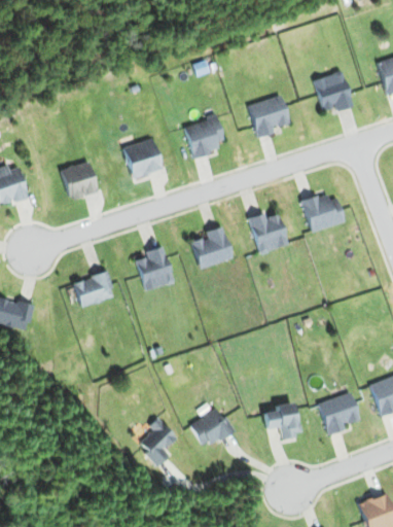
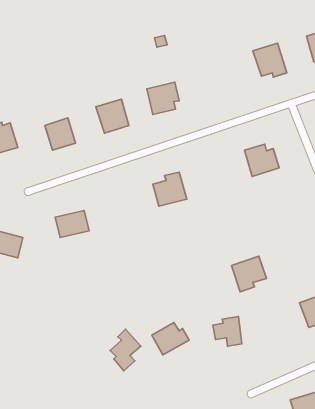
building: [248,96,290,137] -> none
building: [248,212,289,253] -> none
building: [136,246,174,291] -> none
building: [318,392,360,435] -> [232,256,266,292]

